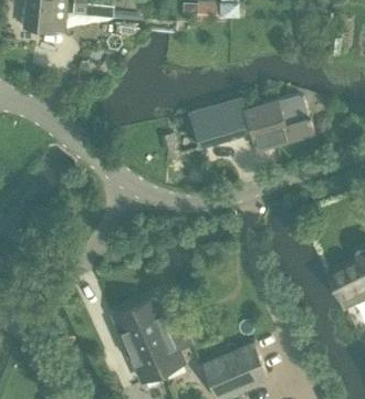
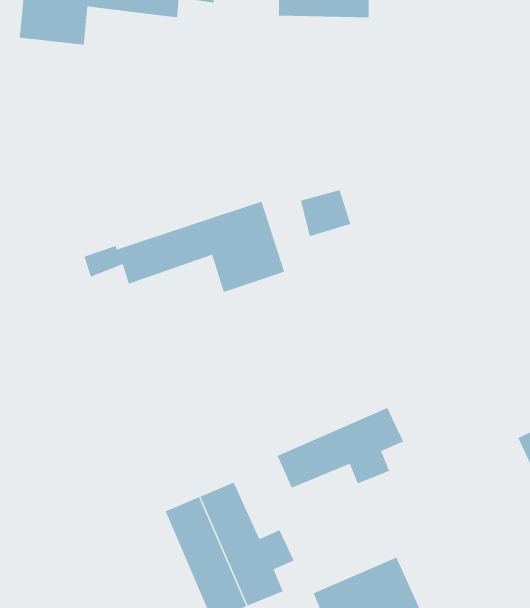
building: [220,94,314,151] -> none
building: none -> [84,201,285,293]
building: none -> [277,407,404,489]

